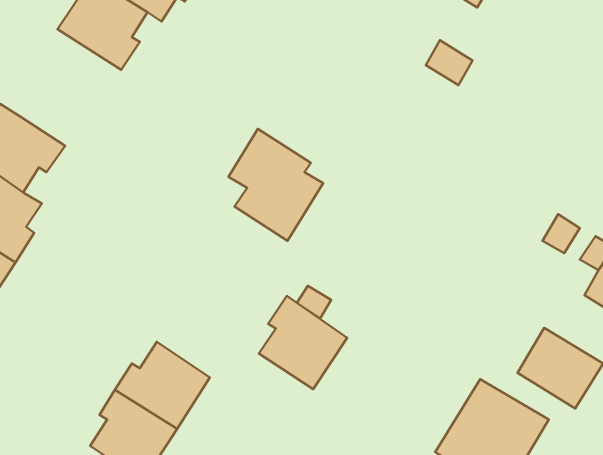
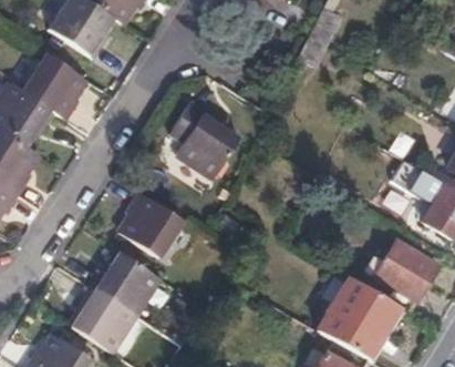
building: none -> [22,52,86,121]
building: [259,296,347,389] -> [120,191,183,257]

